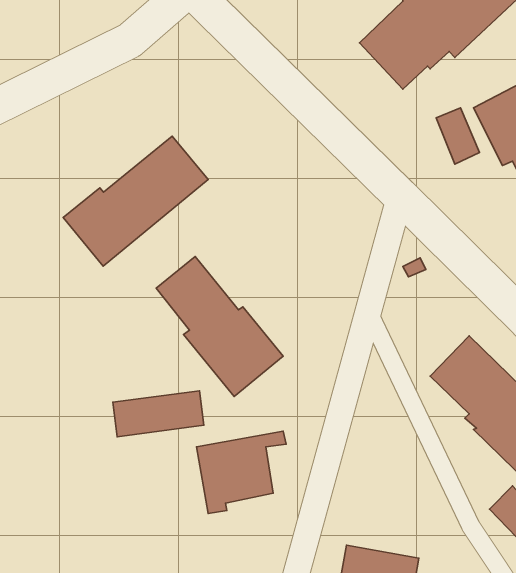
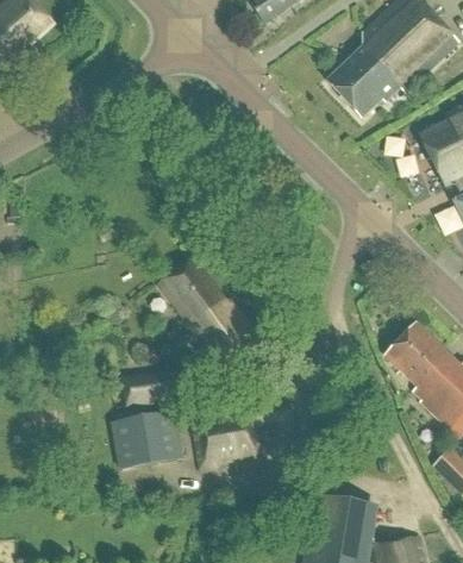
building: [63,136,208,266] -> none
building: none -> [104,408,187,470]

